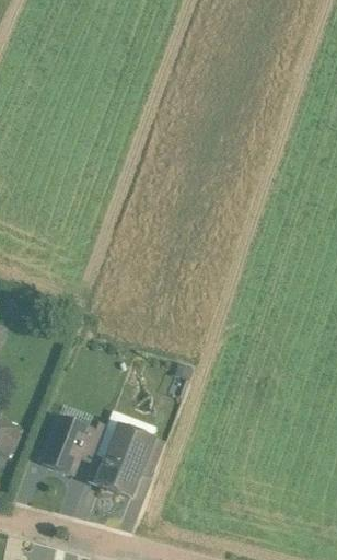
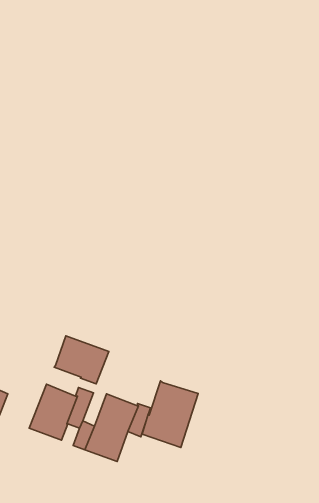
building: none -> [54,336,109,384]
building: none -> [142,381,198,447]

